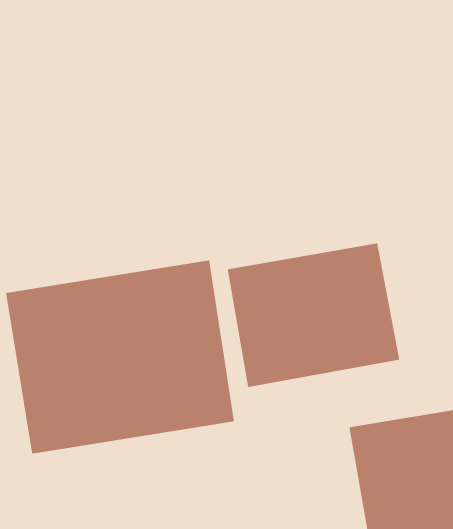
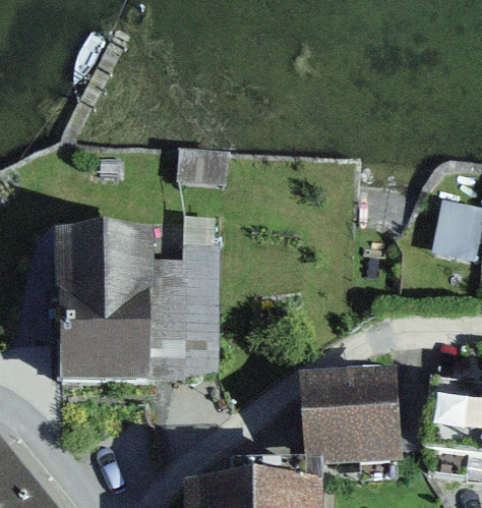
building: [227,243,400,388] -> none

